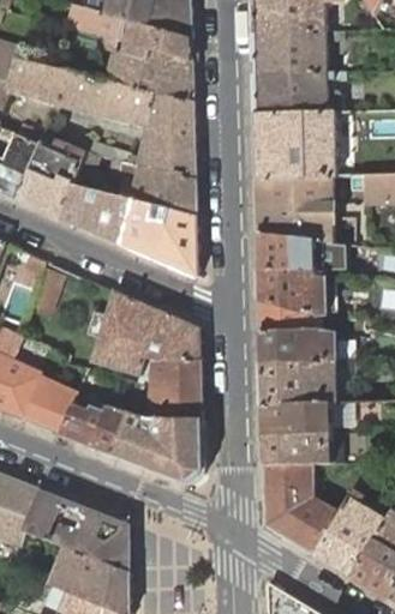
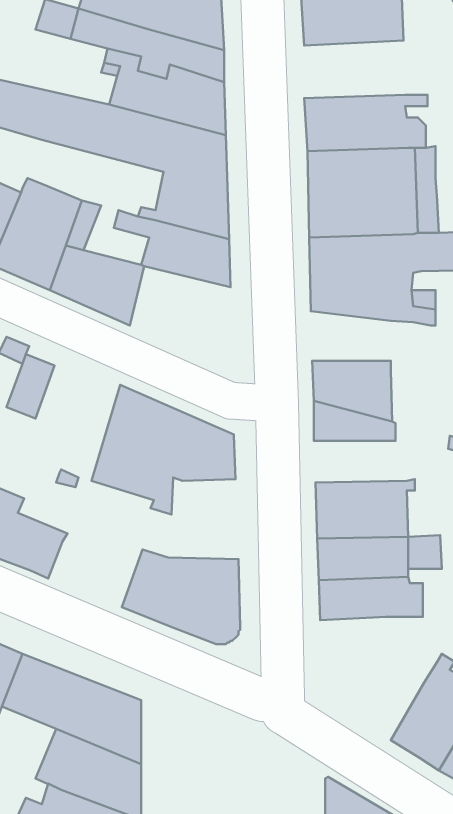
building: [252,31,343,74] -> none
building: [121,200,199,277] -> none
building: [257,234,348,278] -> none
building: [259,331,335,362] -> none
building: [150,359,203,420] -> none
building: [60,405,131,456] -> none
building: [264,463,342,555] -> none

